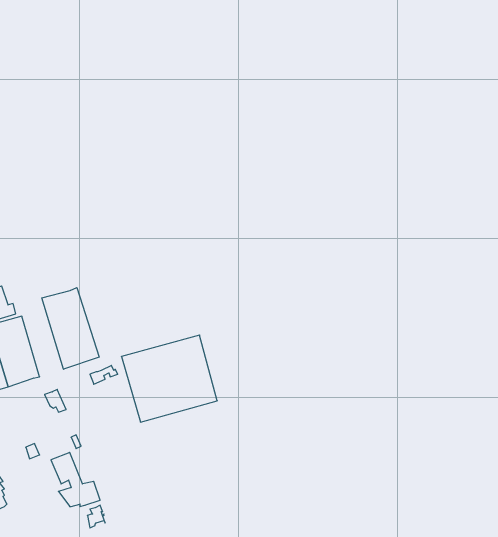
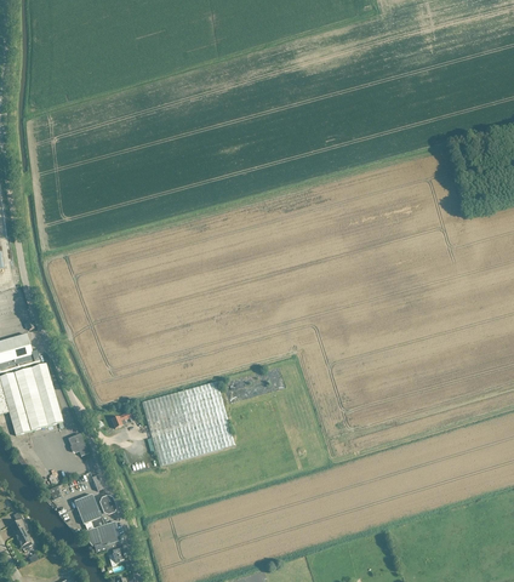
building: [42,288,99,369] -> none

